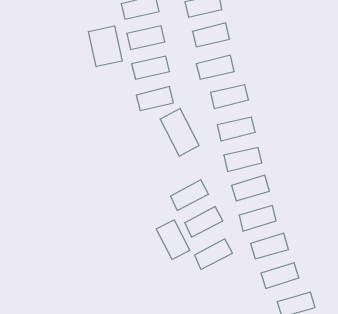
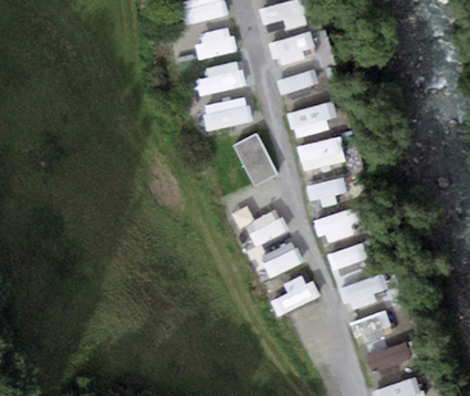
building: [88,26,122,67] -> none
building: [156,220,190,259] -> none

